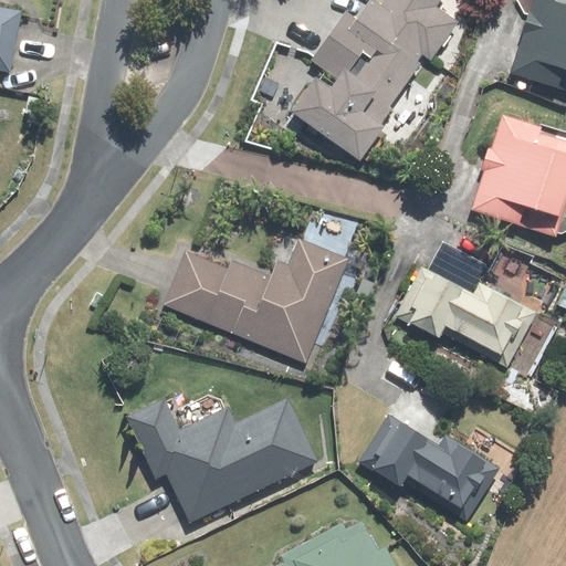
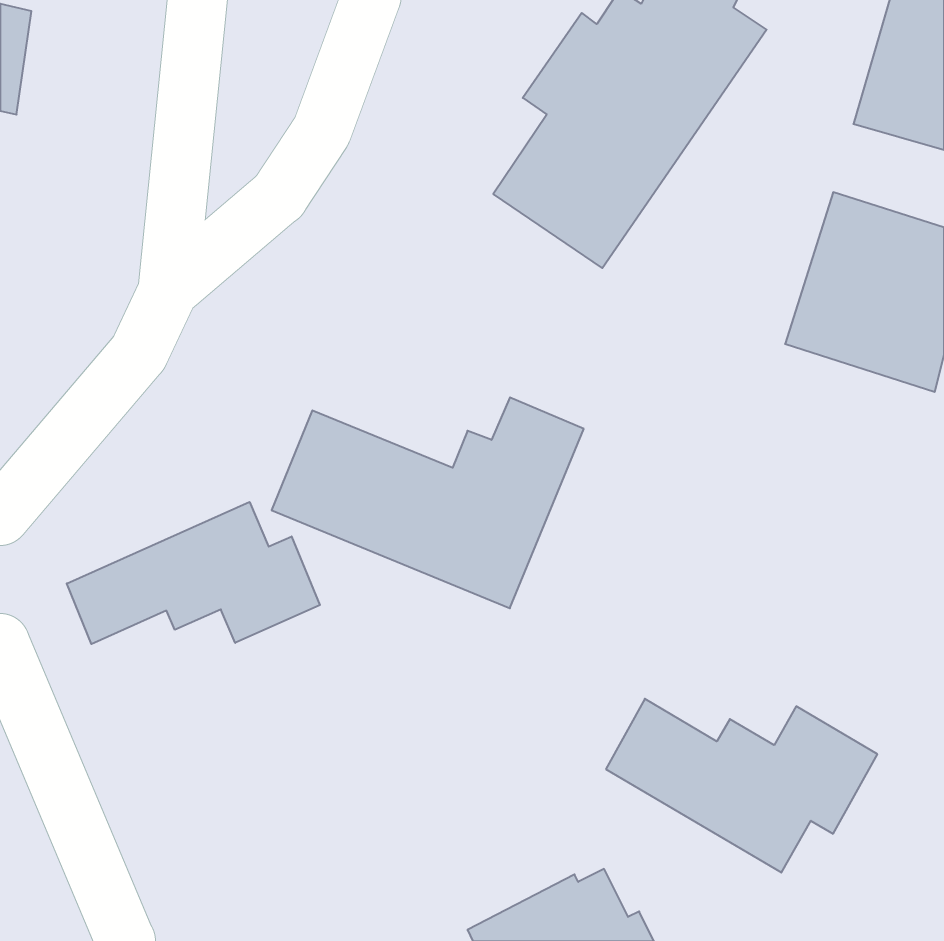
building: [392,256,551,371] -> none
building: none -> [67,502,320,644]
building: [126,394,323,524] -> none

